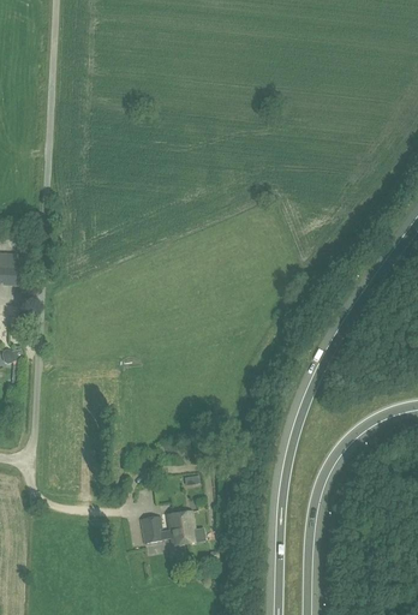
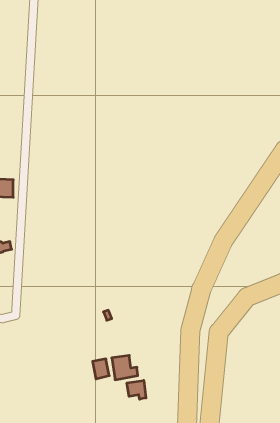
building: none -> [127,380,146,399]

